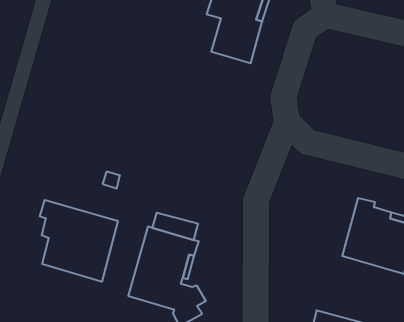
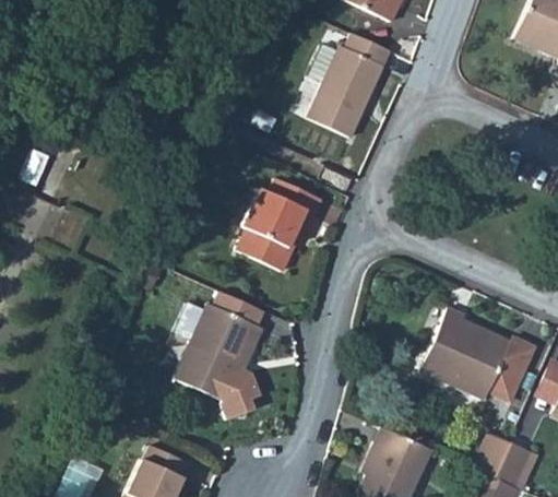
building: none -> [237,178,322,272]
building: [40,200,118,282] -> none

